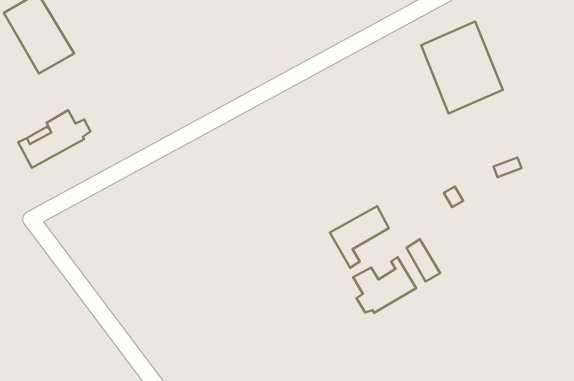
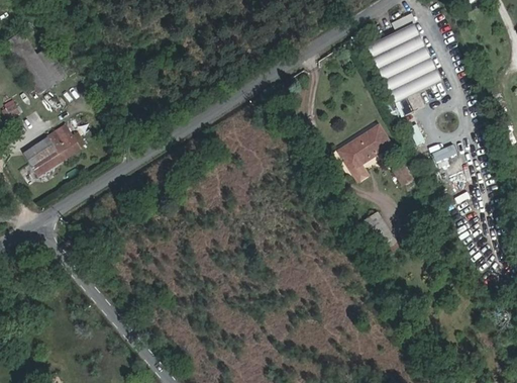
building: [330,206,389,268] -> [338,127,389,182]
building: [353,257,416,313] -> none

